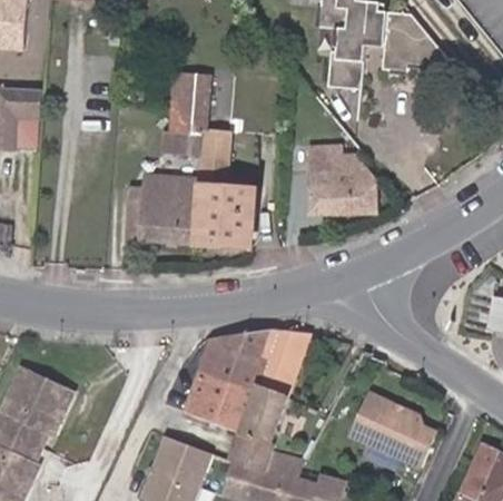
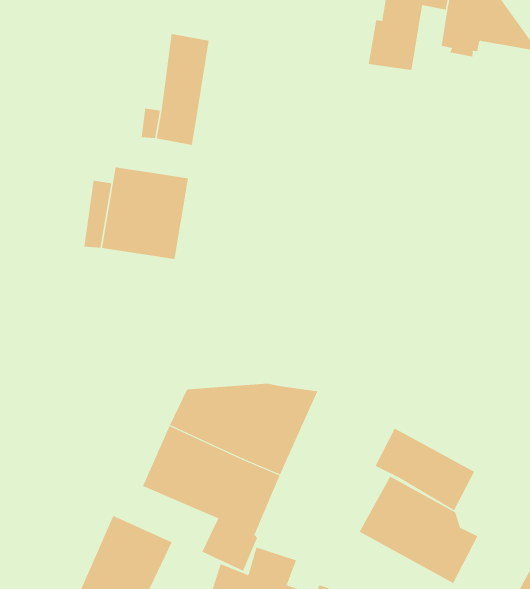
building: [196,131,256,246] -> none
building: [309,147,376,216] -> none
building: none -> [375,428,475,511]

